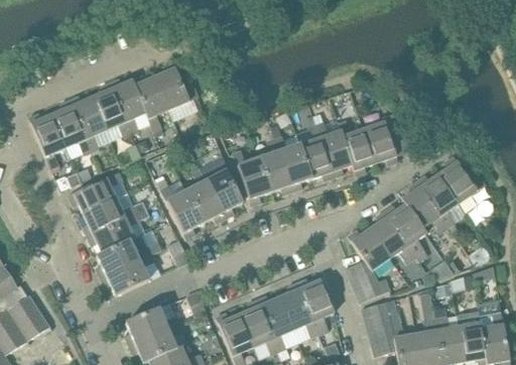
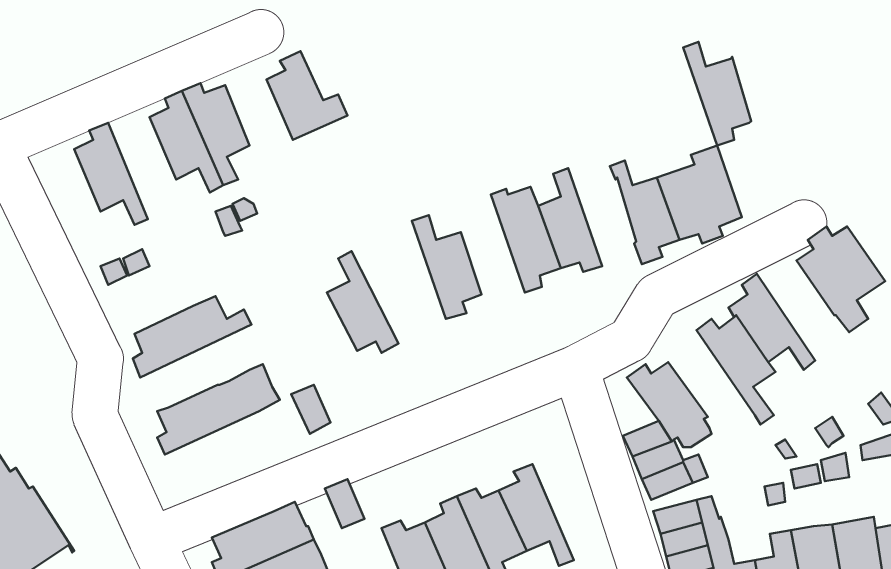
building: [132,75,168,130] -> none
building: [70,96,106,151] -> none
building: [28,113,66,168] -> none
building: [315,121,352,176] -> [683,42,751,146]
building: [255,138,292,195] -> none
building: [200,156,242,218] -> none
building: [68,171,122,213] -> none
building: [416,173,458,227] -> none
building: [160,185,203,238] -> none
building: [87,208,149,252] -> none
building: [369,211,415,261] -> none
building: [100,254,153,295] -> none
building: [296,278,334,334] -> none

